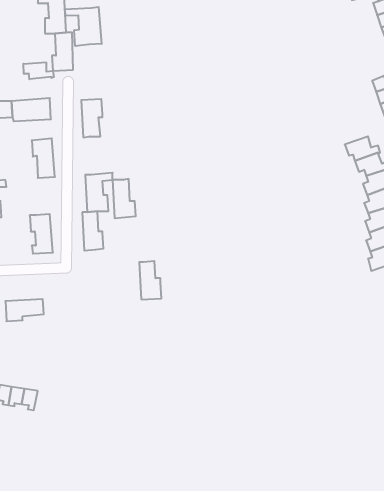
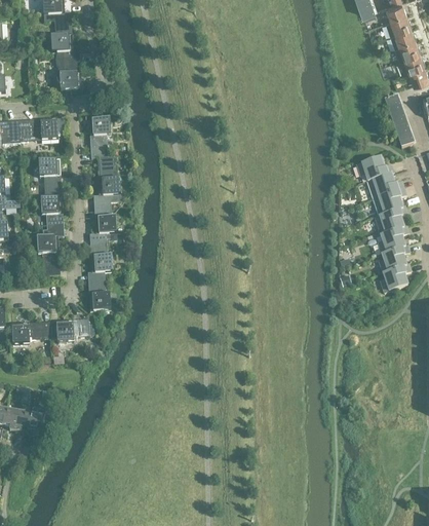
building: [65,7,102,46] -> none
building: [23,62,54,79] -> none
building: none -> [41,196,65,235]
building: [113,179,136,218] -> [98,154,121,194]
building: [139,261,161,299] -> [88,270,111,309]
building: none -> [50,317,90,340]

